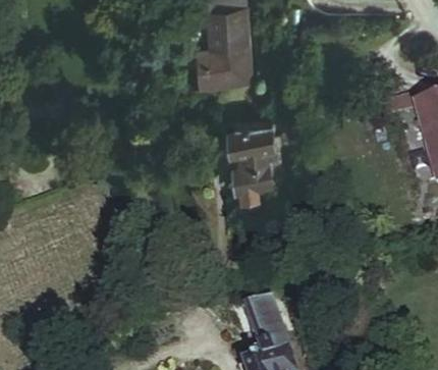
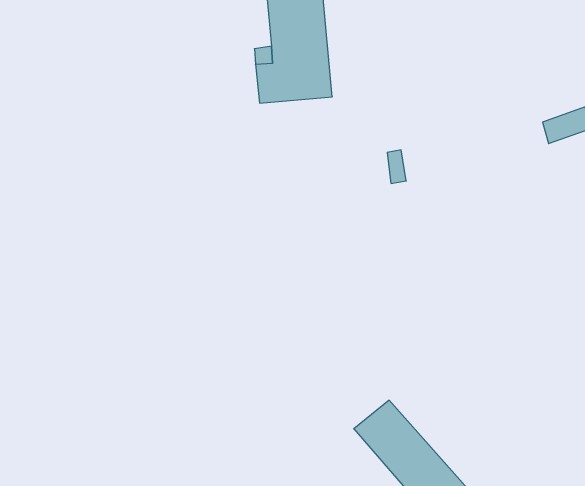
building: [225,125,276,201] -> none

